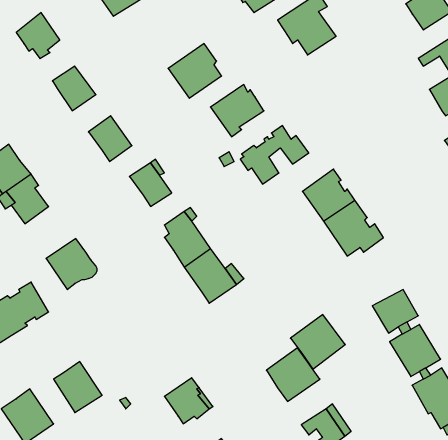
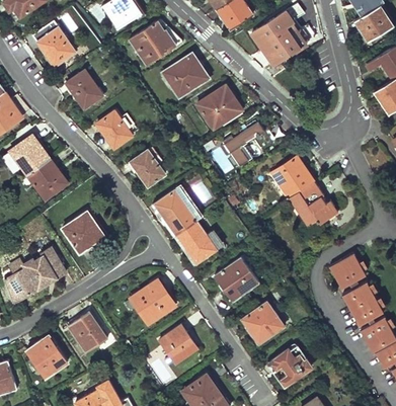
building: none -> [130,22,176,65]
building: [290,315,345,369] -> [215,256,259,301]
building: none -> [131,279,175,323]

